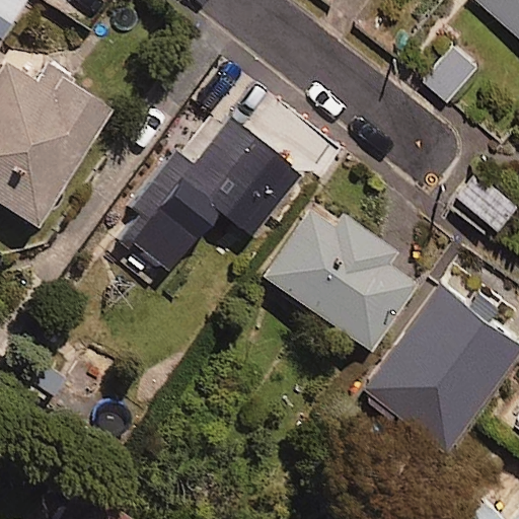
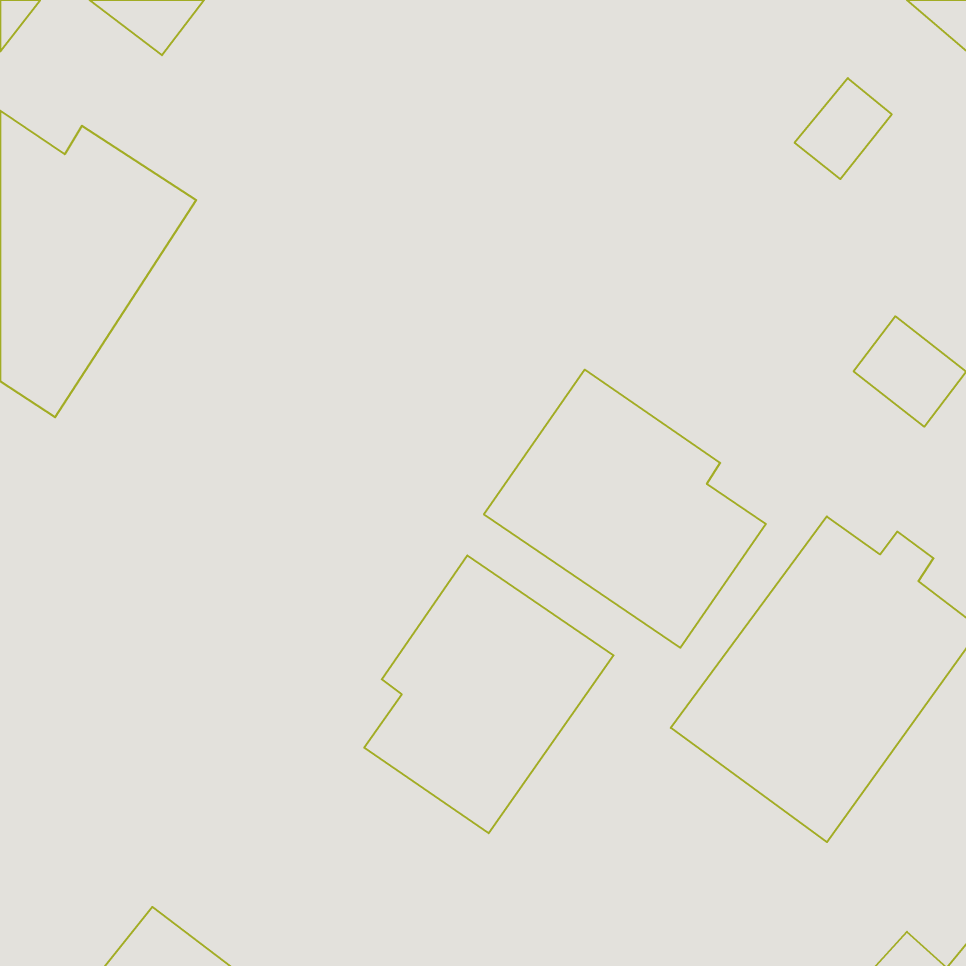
building: [105,118,301,289] -> none
building: none -> [364,555,614,833]

